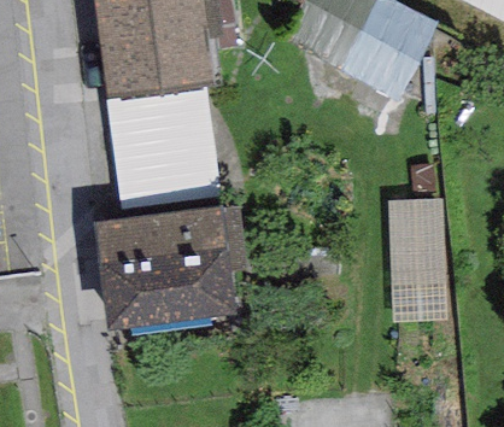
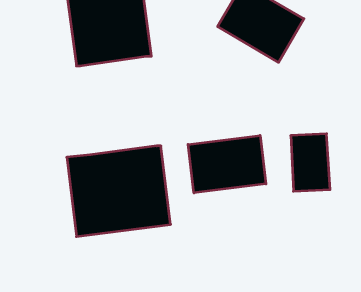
building: [112,78,218,215] -> none
building: none -> [188,135,266,193]

